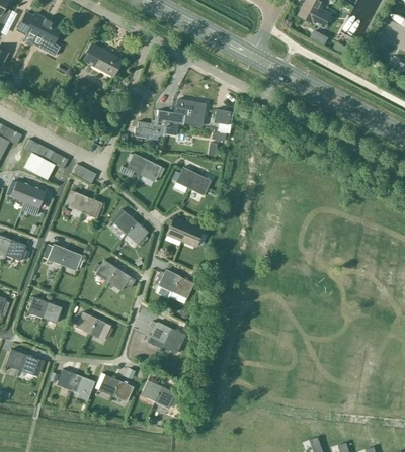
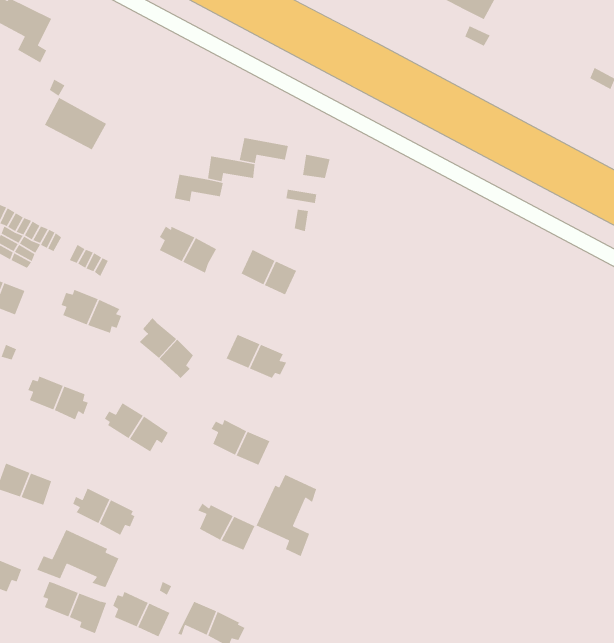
building: [84,43,123,76] -> [44,97,107,150]
building: none -> [256,474,317,557]
building: none -> [36,529,120,588]

